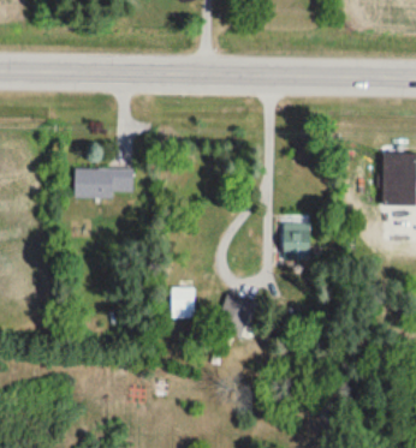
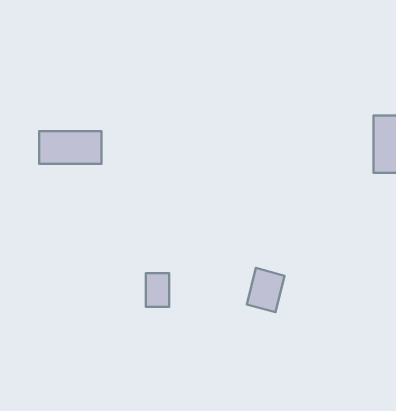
building: [284,222,310,252] -> none
building: [216,295,251,336] -> [247,268,285,312]

